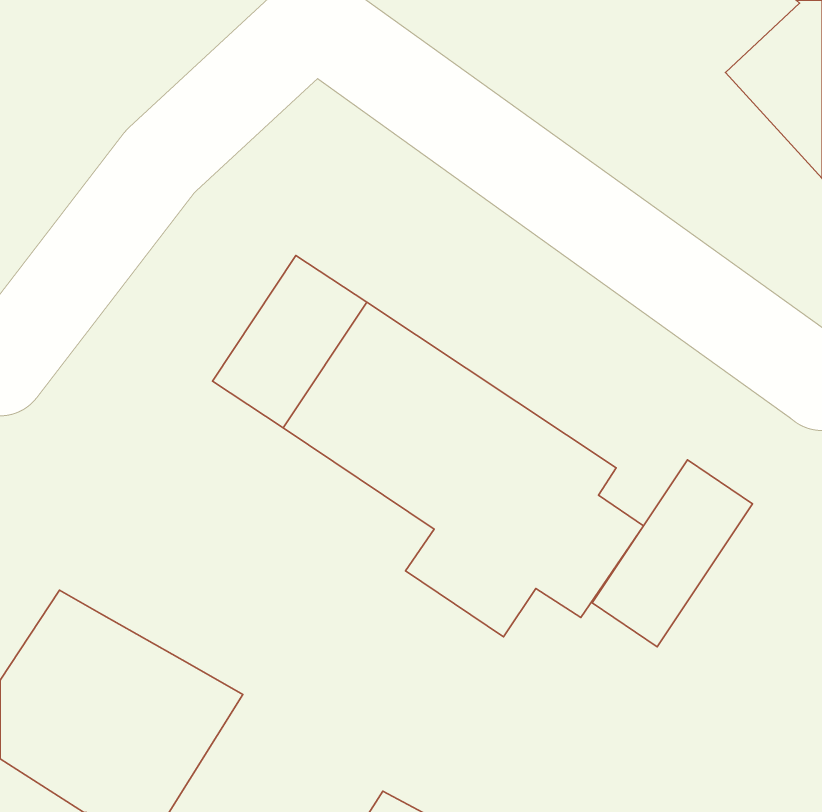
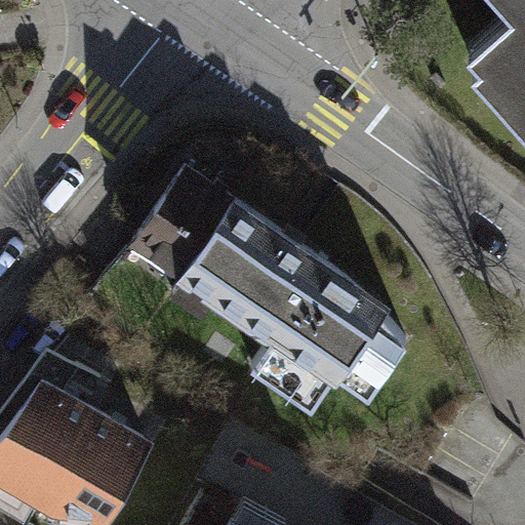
building: [592,460,752,647] -> none

